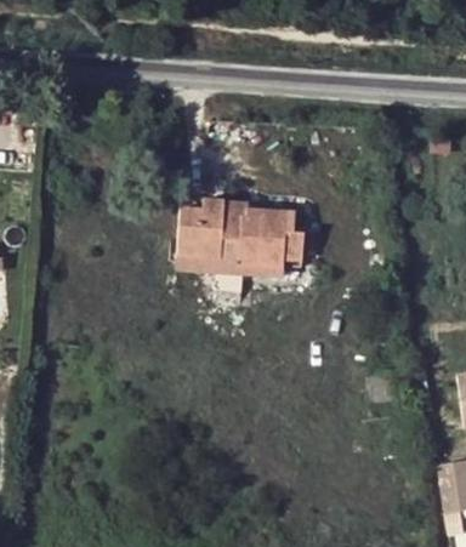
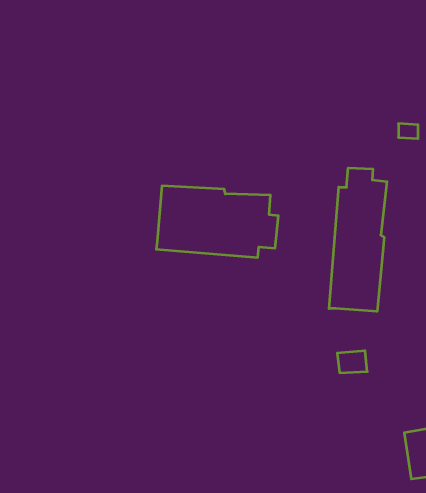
building: none -> [329,168,387,311]

